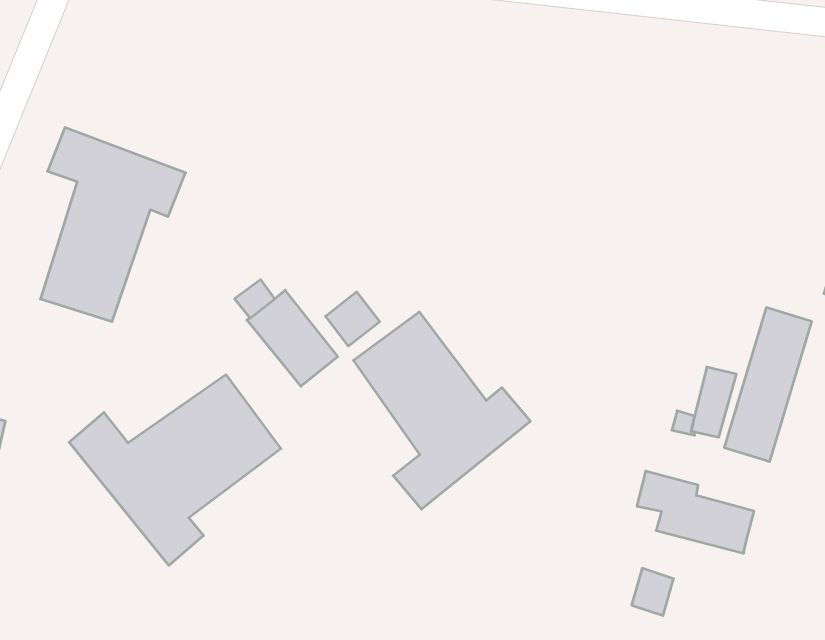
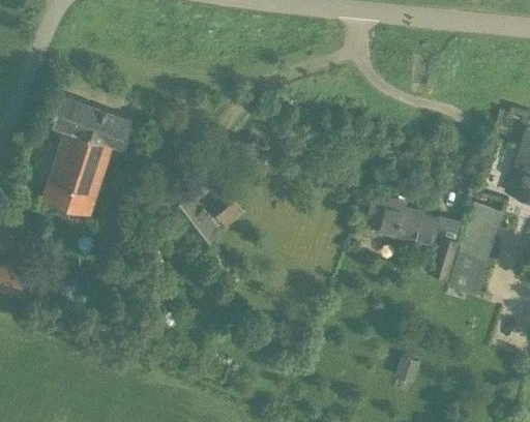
building: [353,312,530,509] -> none
building: [69,375,281,565] -> none
building: [637,471,754,553] -> [369,198,438,246]

